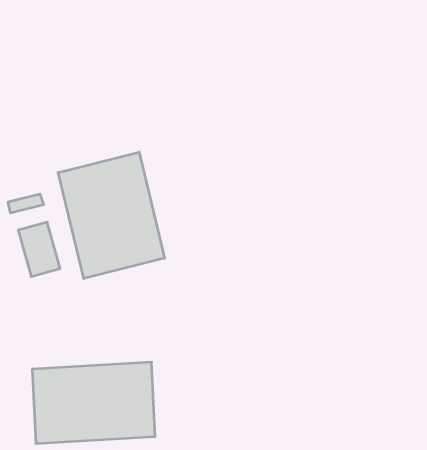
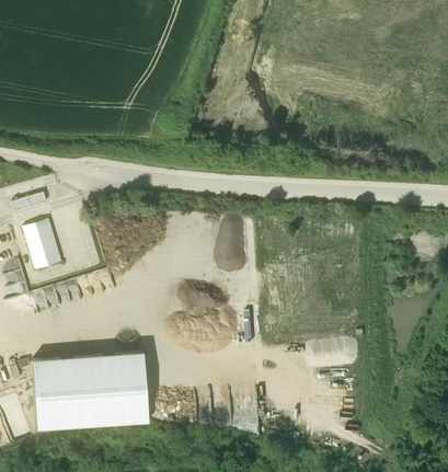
building: [58,152,165,279] -> none

